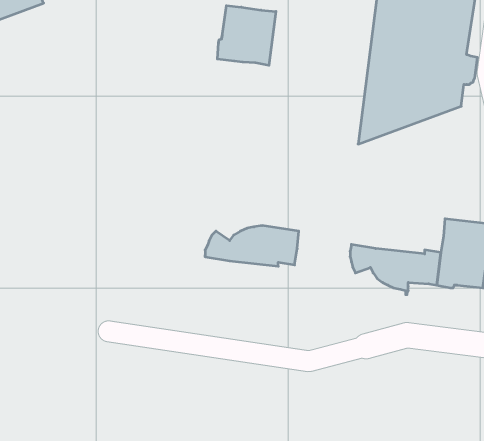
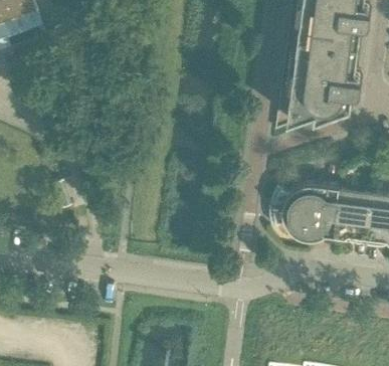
building: [217,6,276,65] -> none
building: [205,226,299,266] -> [272,184,342,214]

